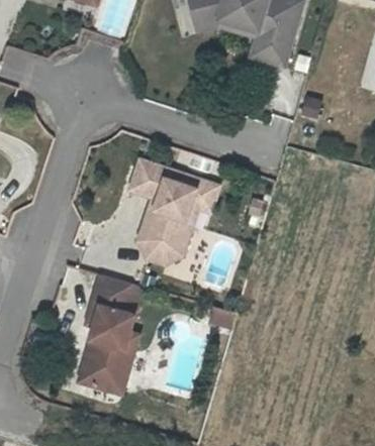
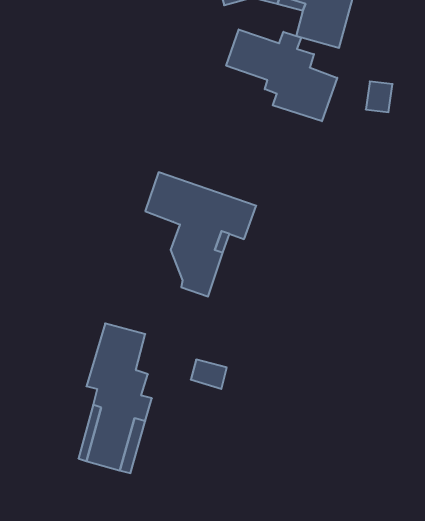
building: none -> [226,29,337,121]
building: [137,201,179,265] -> none

